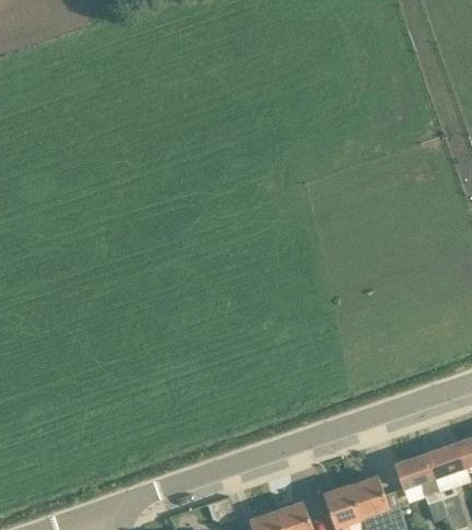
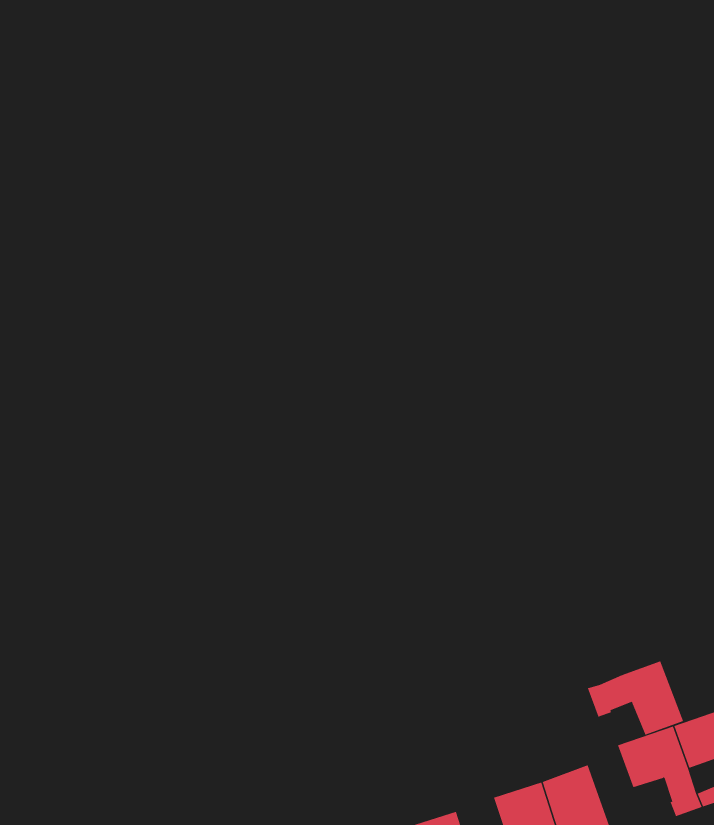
building: none -> [587,661,684,736]

